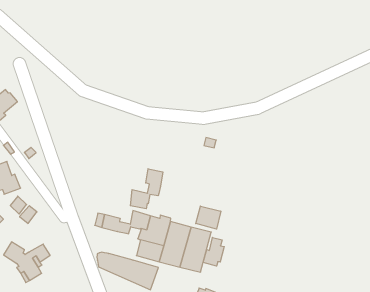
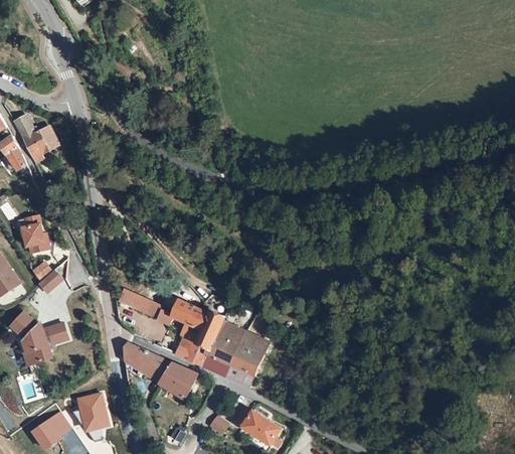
building: [130,169,163,209] -> none
building: [196,206,221,229] -> none
building: [203,237,224,266] -> none

